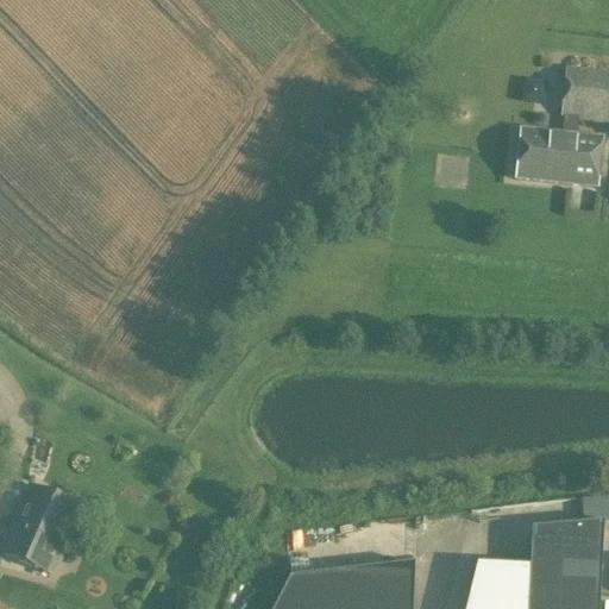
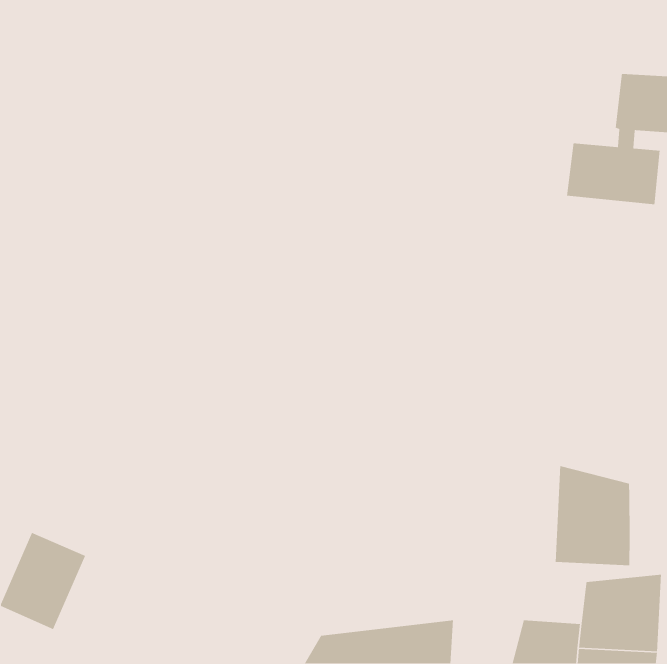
building: none -> [555,465,630,566]

